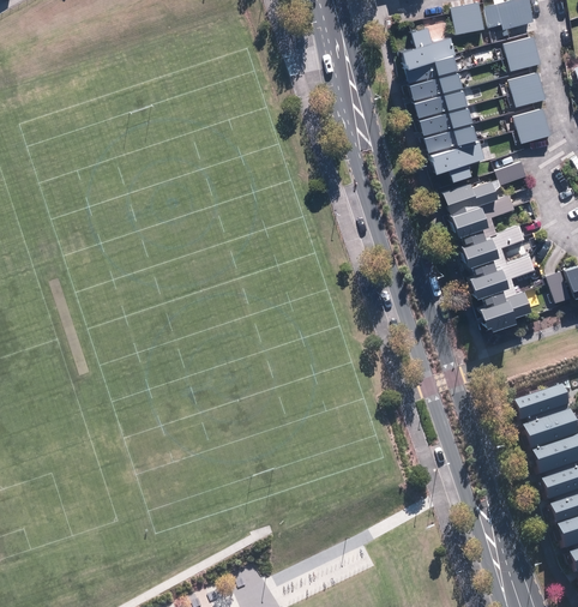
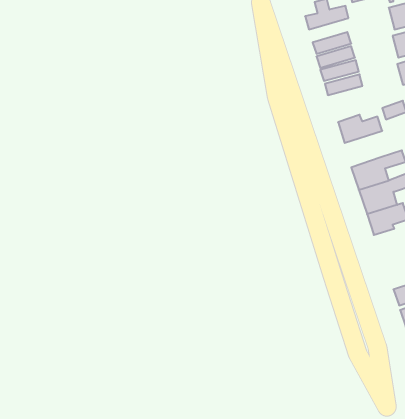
building: [404,55,454,84] -> none
building: [427,140,484,181] -> none
building: [448,193,517,245] -> none

